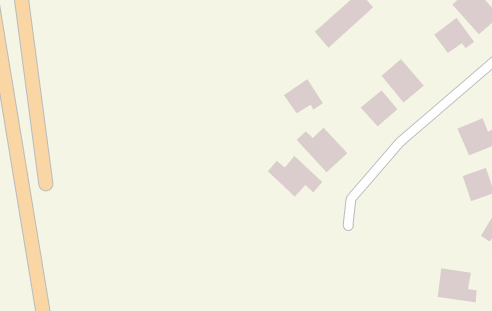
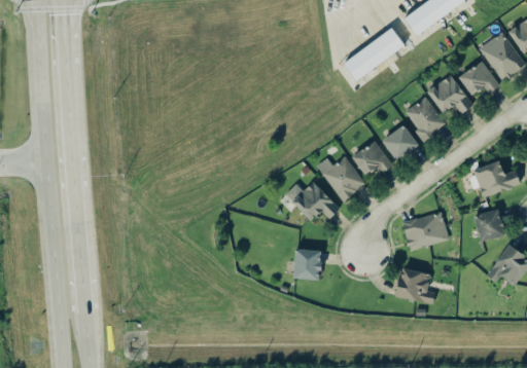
building: none -> [427,74,473,113]
building: [283,78,324,114] -> [353,141,392,175]
building: none -> [402,212,449,250]
building: none -> [293,249,322,280]
building: [437,268,478,303] -> [395,267,435,304]

